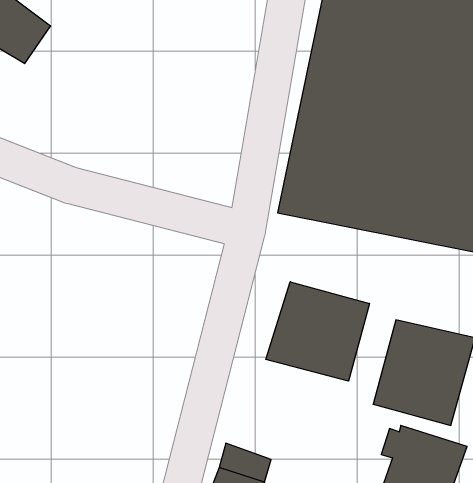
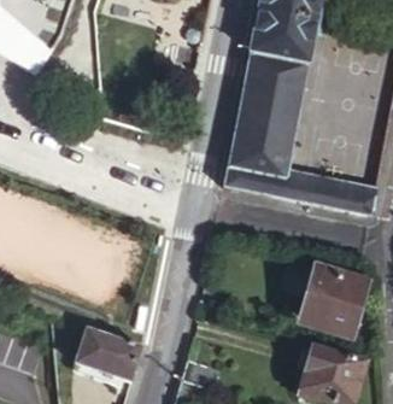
building: [266,282,369,381] -> none
building: none -> [72,322,141,380]

